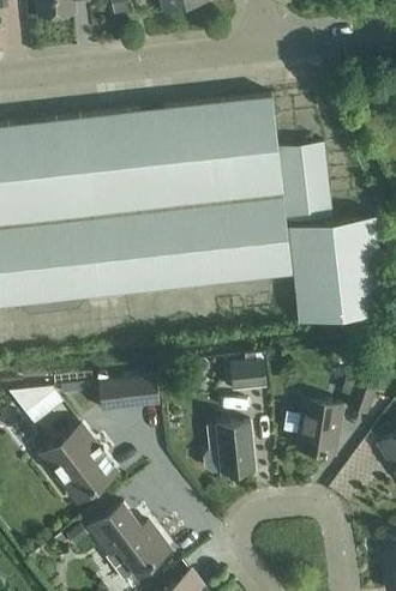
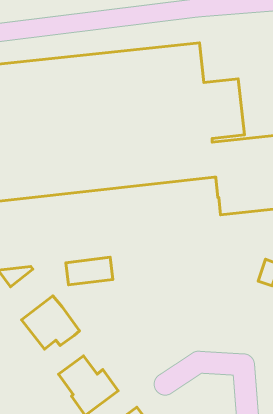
building: [229,361,265,391] -> none
building: [296,400,341,456] -> none
building: [203,423,254,475] -> none

